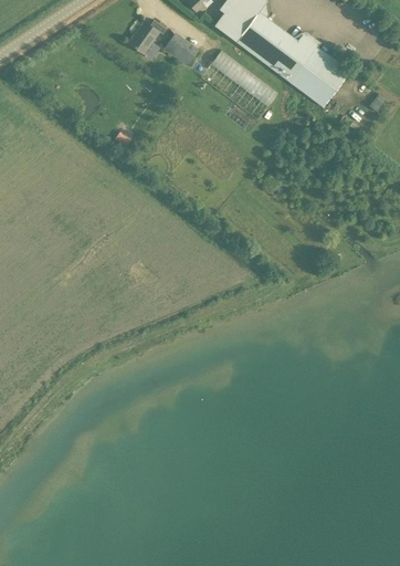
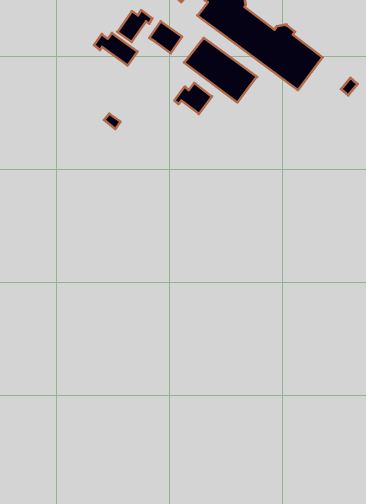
building: none -> [94,33,137,65]
building: none -> [175,83,212,114]

